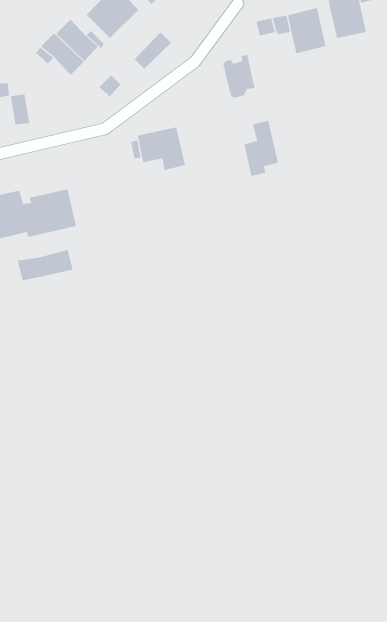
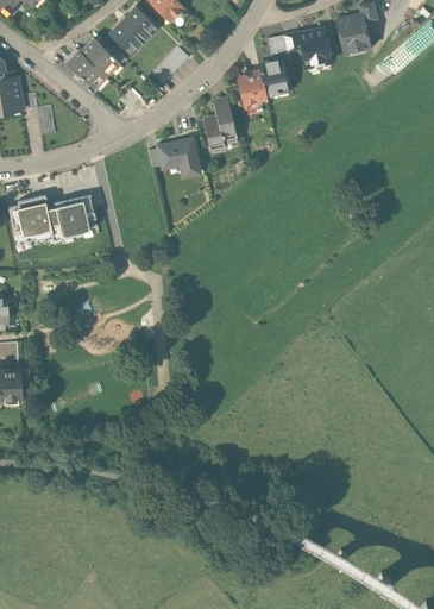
building: none -> [258,57,291,96]
building: [243,120,279,177] -> [205,96,238,150]
building: [17,249,73,281] -> none

